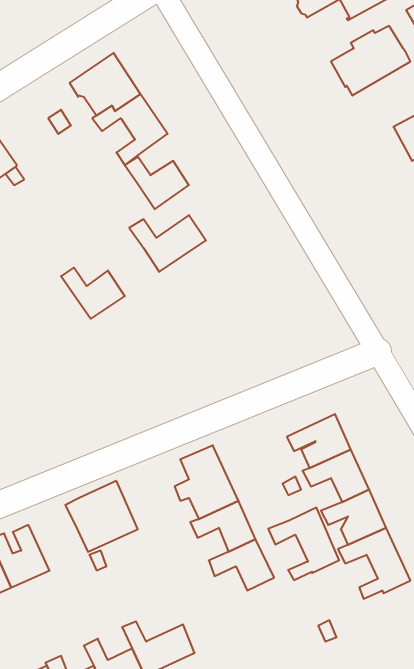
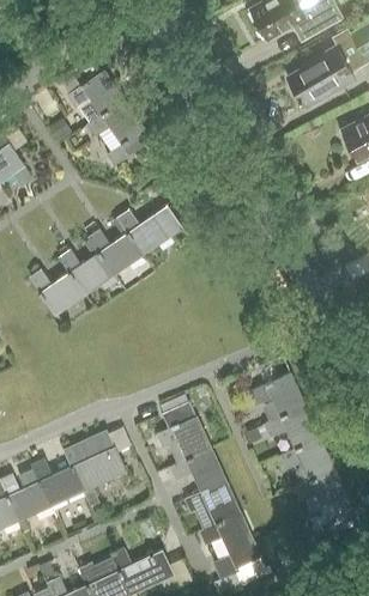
building: [125,157,189,209] -> [89,231,143,275]
building: none -> [30,270,85,315]
building: [268,508,339,580] -> [199,512,259,573]
building: none -> [31,460,83,506]

